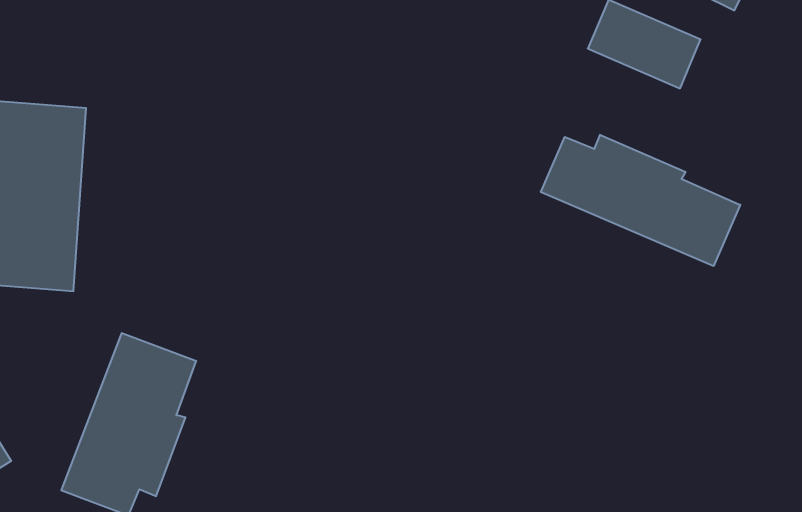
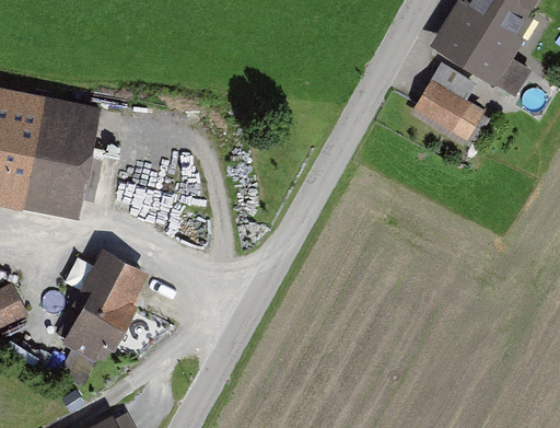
building: [541,135,740,266] -> none

